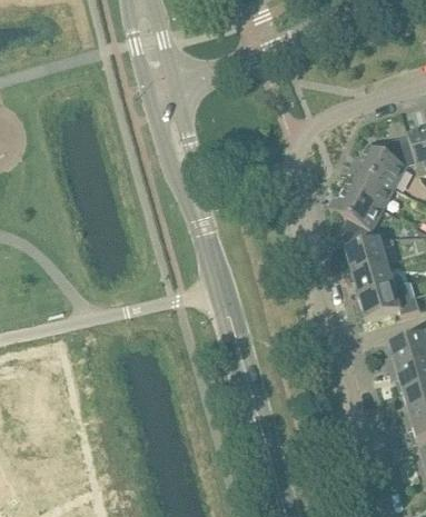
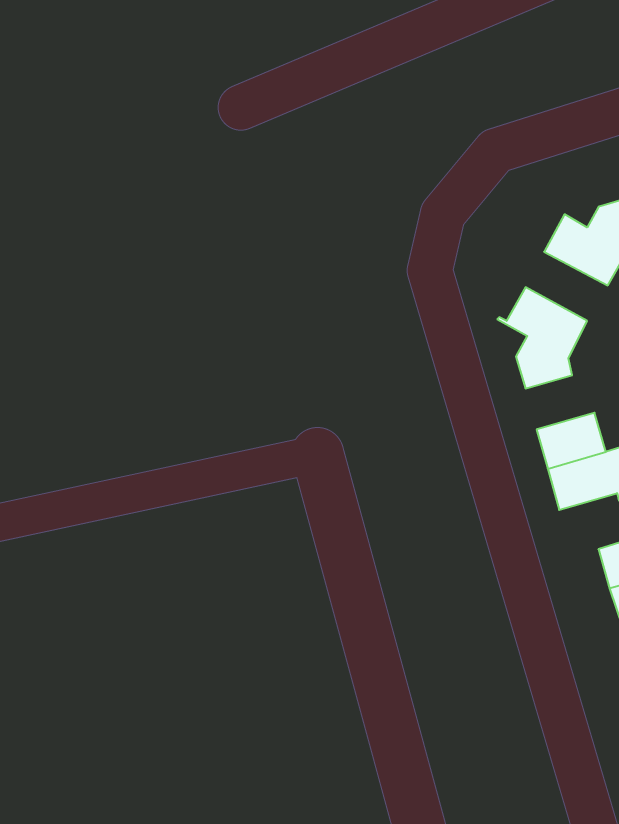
building: [346,167,395,208] -> none
building: [345,238,387,272] -> none

